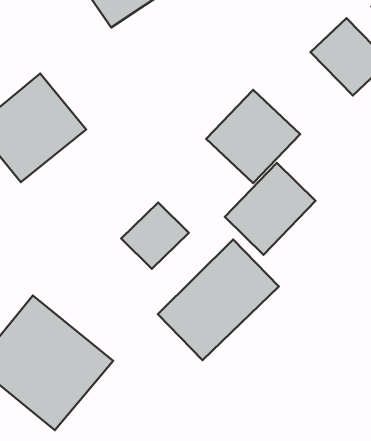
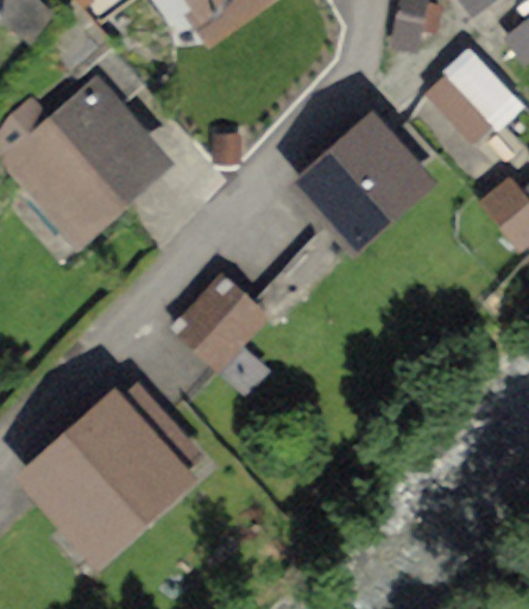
building: [225,163,315,255] -> none
building: [158,240,279,360] -> none

